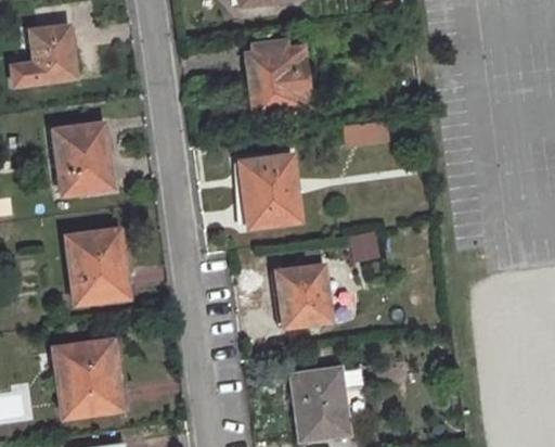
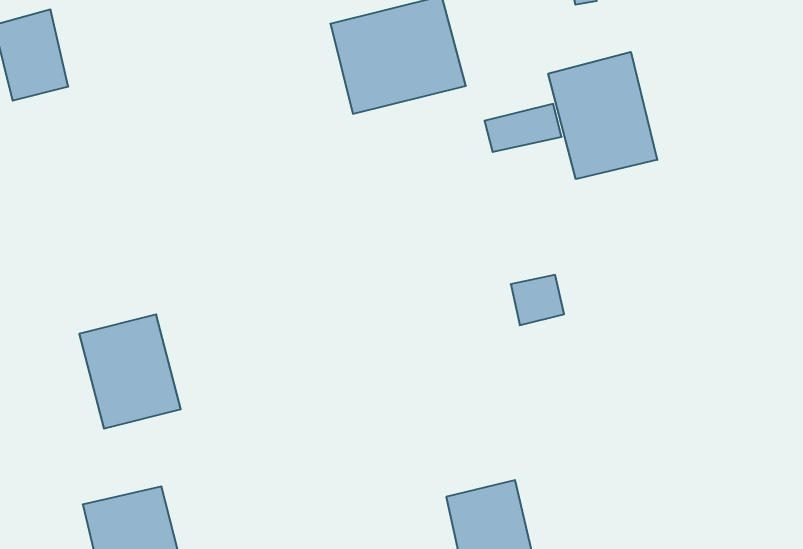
building: none -> [548,52,657,179]
building: [52,126,109,195] -> none
building: [242,154,300,225] -> none
building: [276,259,330,321] -> none

